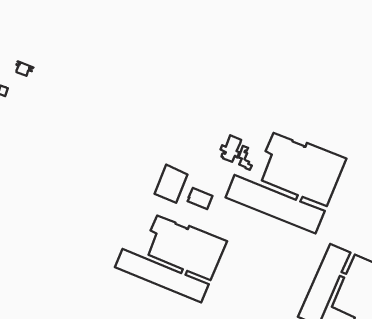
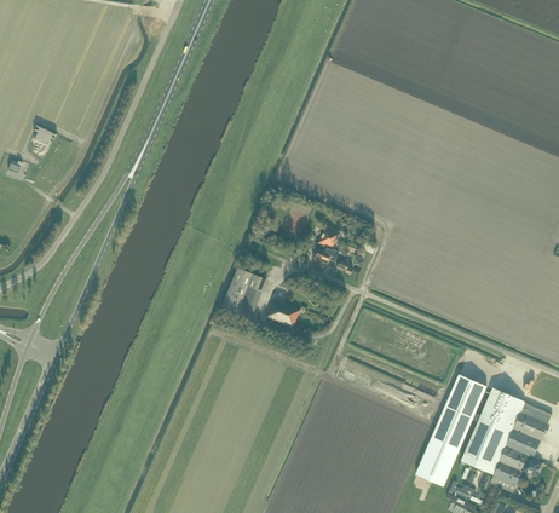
building: [226,133,347,233] -> none
building: [115,216,227,302] -> none

